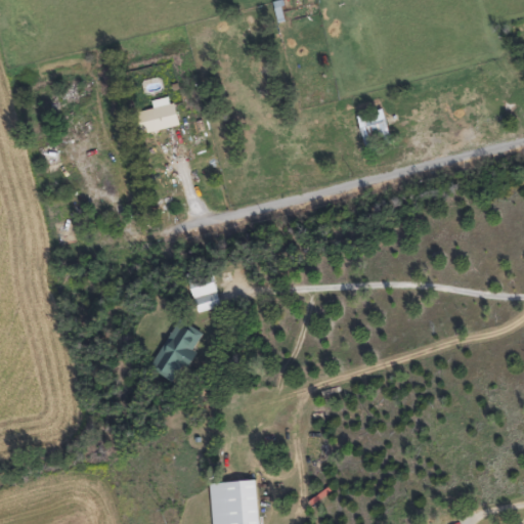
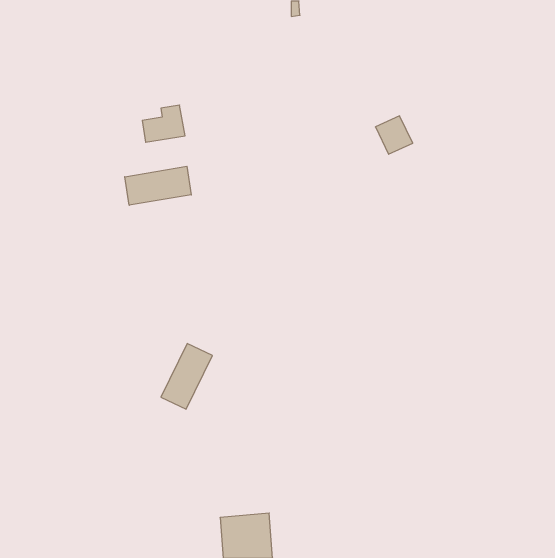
building: none -> [125,166,191,205]
building: [188,272,223,314] -> none

